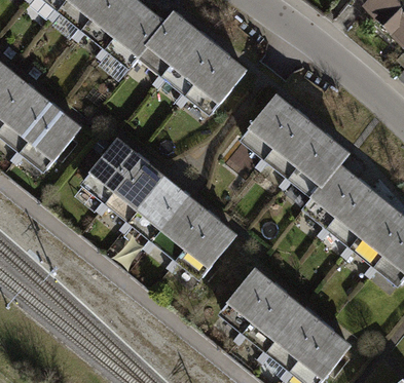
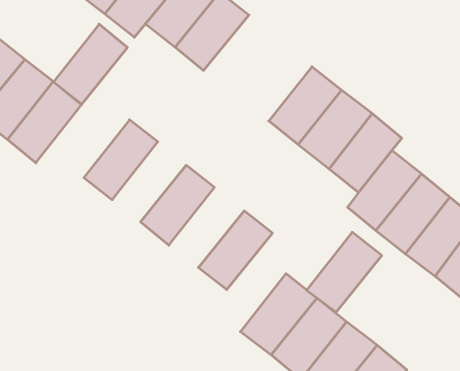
building: [185,50,248,116] -> none
building: [109,156,171,223] -> [53,24,127,104]
building: [156,194,219,261] -> [307,232,382,312]

